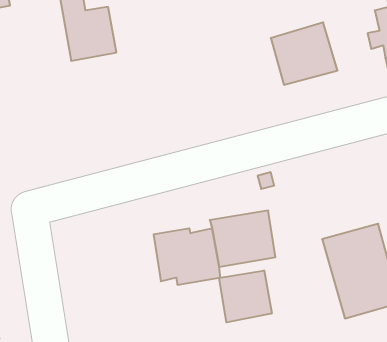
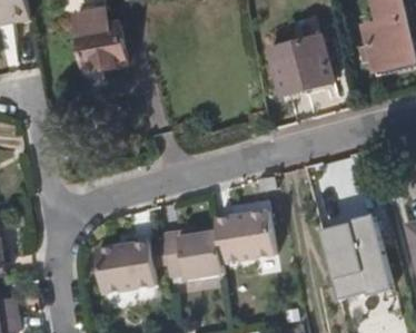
building: none -> [96,239,156,292]
building: [219,270,272,322] -> none

